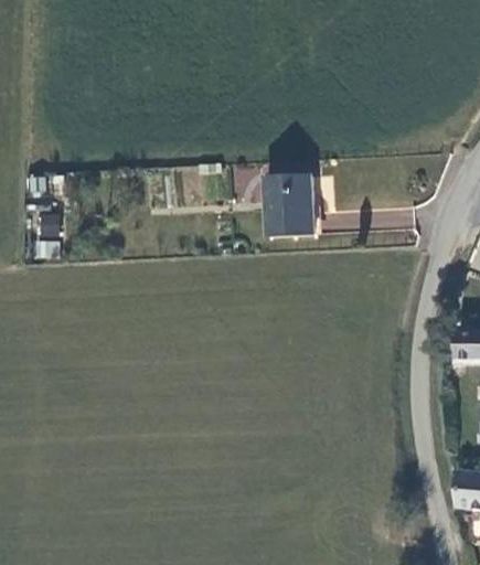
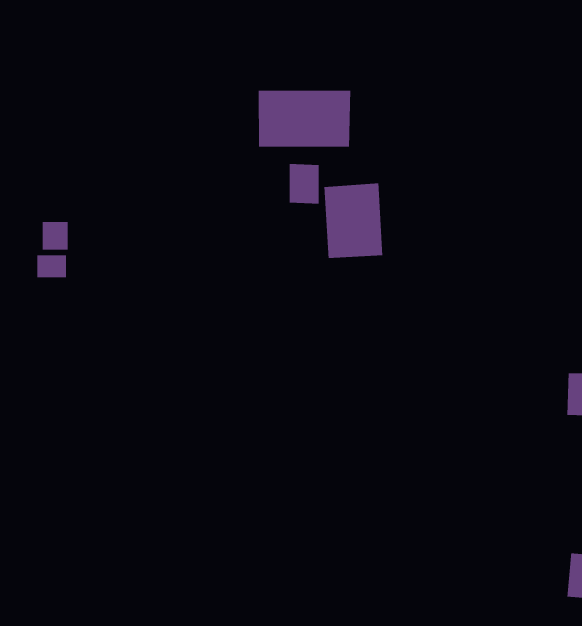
building: none -> [258,90,351,148]

